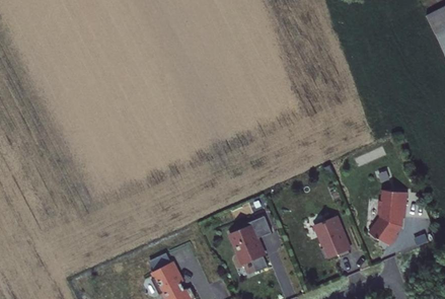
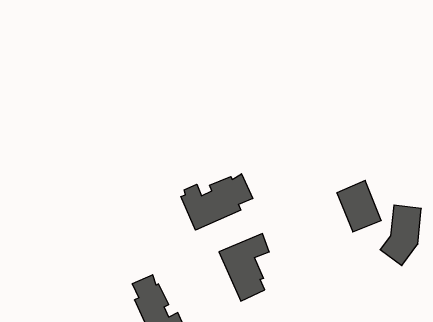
building: none -> [181,174,253,230]
building: [311,215,351,260] -> [337,180,381,232]

